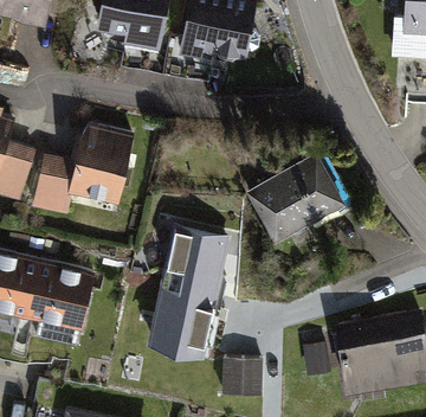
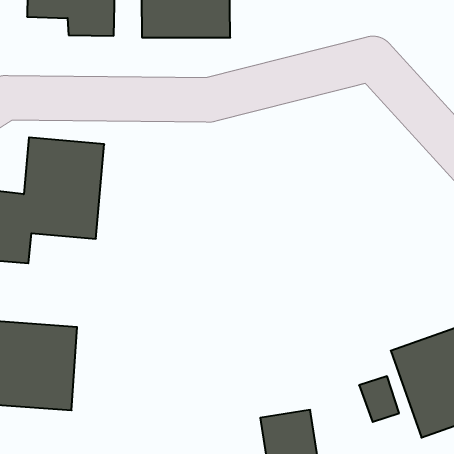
building: [248,150,346,242] -> none
building: [155,227,231,345] -> none

